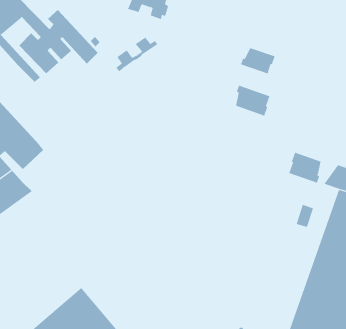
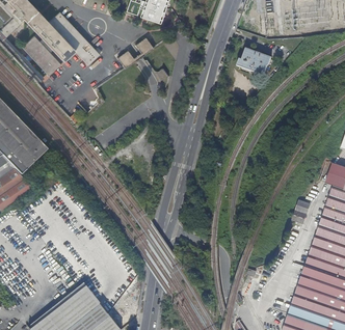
building: [236,85,270,116] -> none
building: [288,152,321,183] -> none

